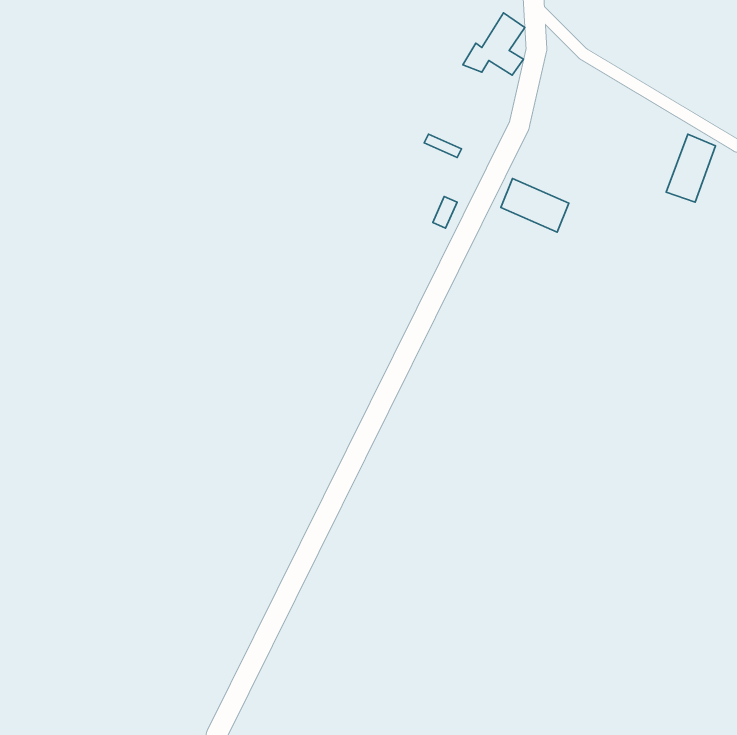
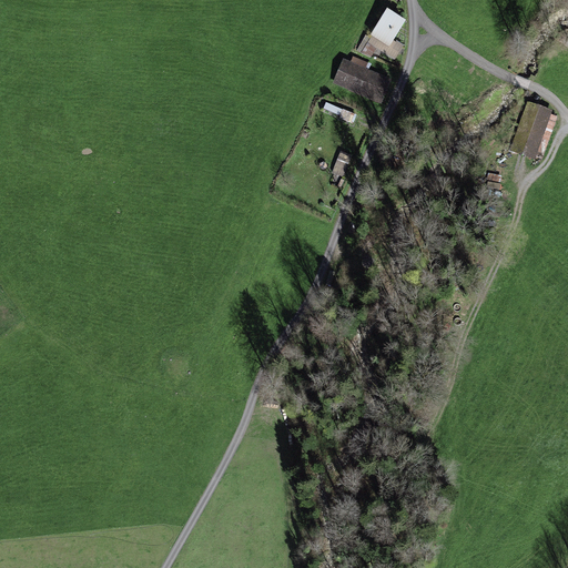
building: [501,179,569,232] -> [336,60,388,101]

